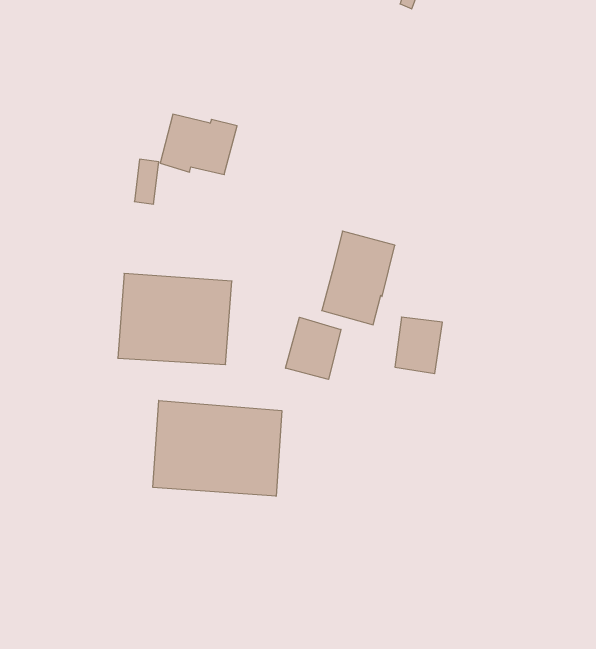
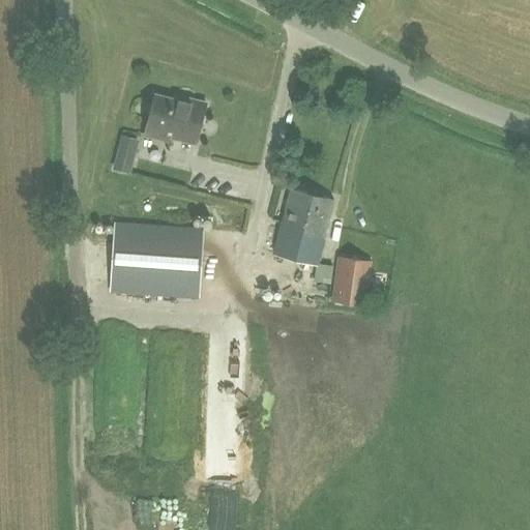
building: [286,317,341,379] -> none
building: [153,400,282,496] -> none

